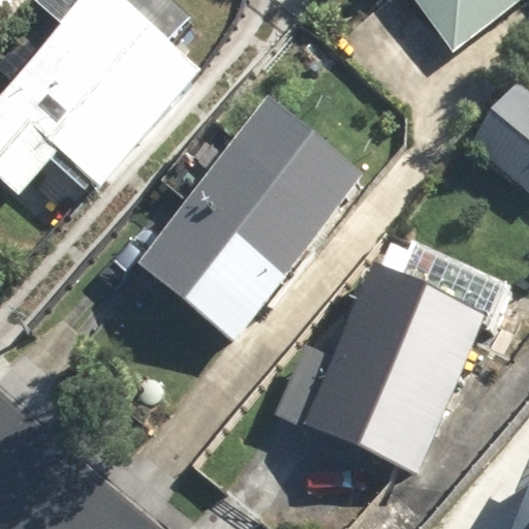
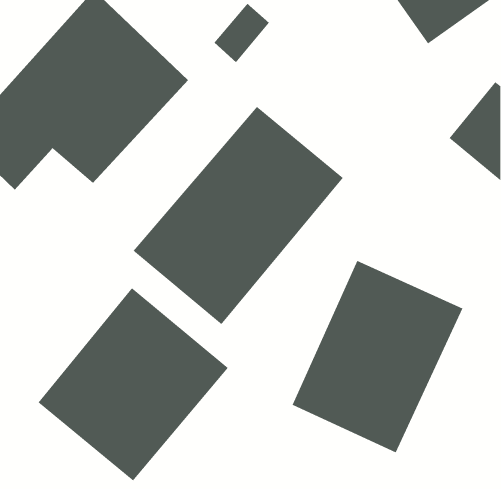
building: none -> [37,287,229,481]

